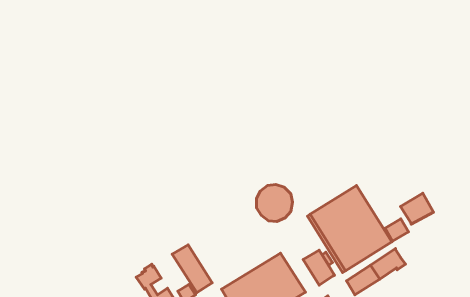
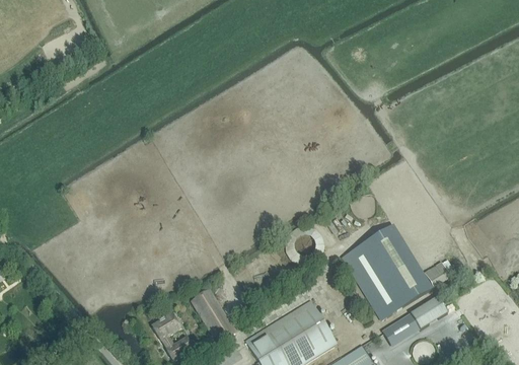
building: [400,193,433,224] -> none
building: [303,250,334,285] -> none

